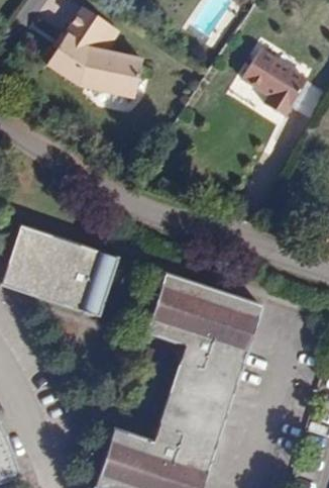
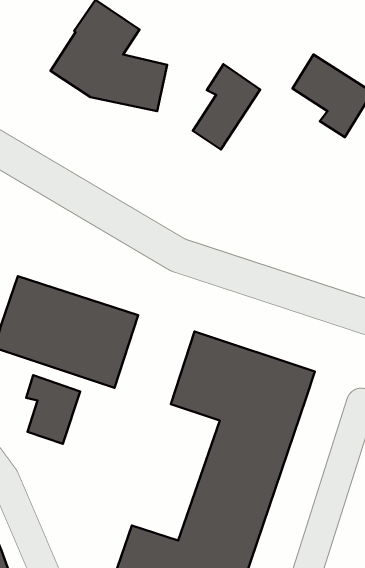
building: none -> [193,64,260,149]
building: none -> [26,375,80,444]

